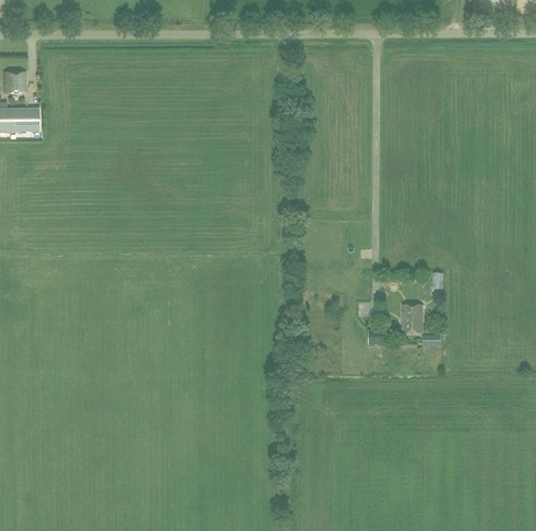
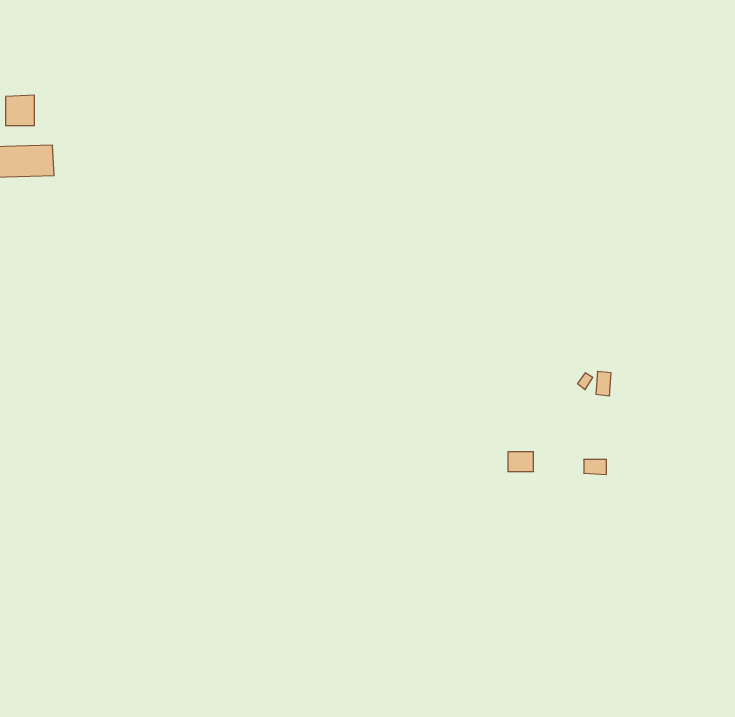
building: [401,303,422,332] -> none

